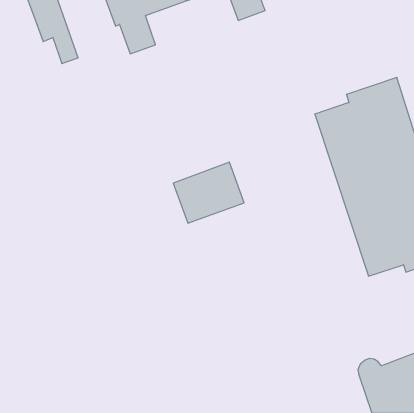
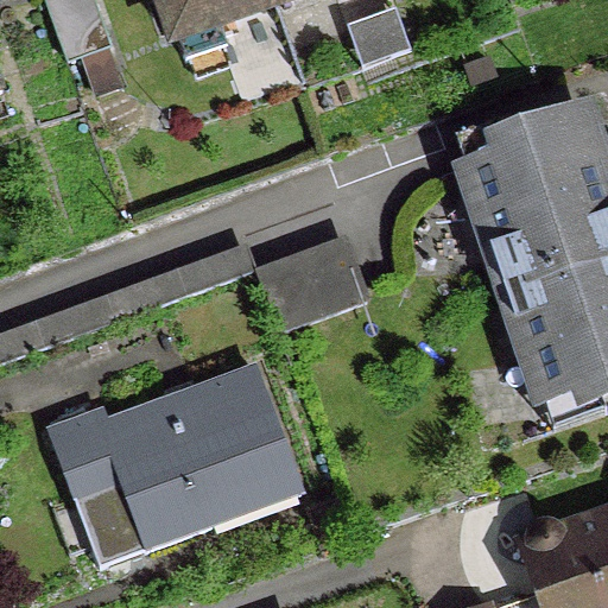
building: none -> [49,372,287,549]

